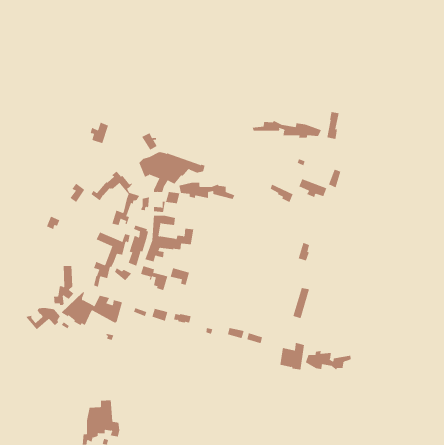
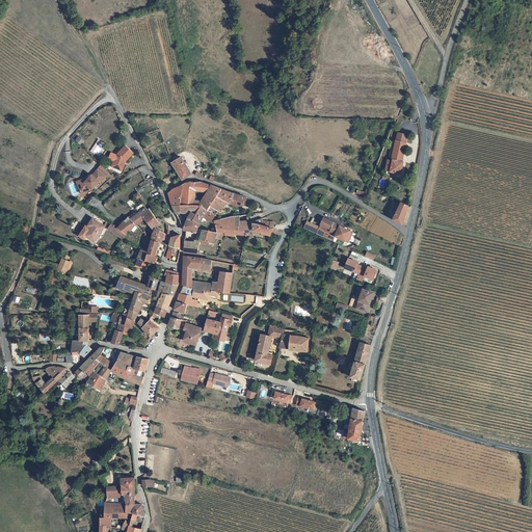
building: [252,120,322,138] -> none
building: none -> [74,165,108,195]
building: [298,179,327,198] -> [342,259,376,282]
building: none -> [256,326,308,365]
building: [305,350,351,371] -> none

